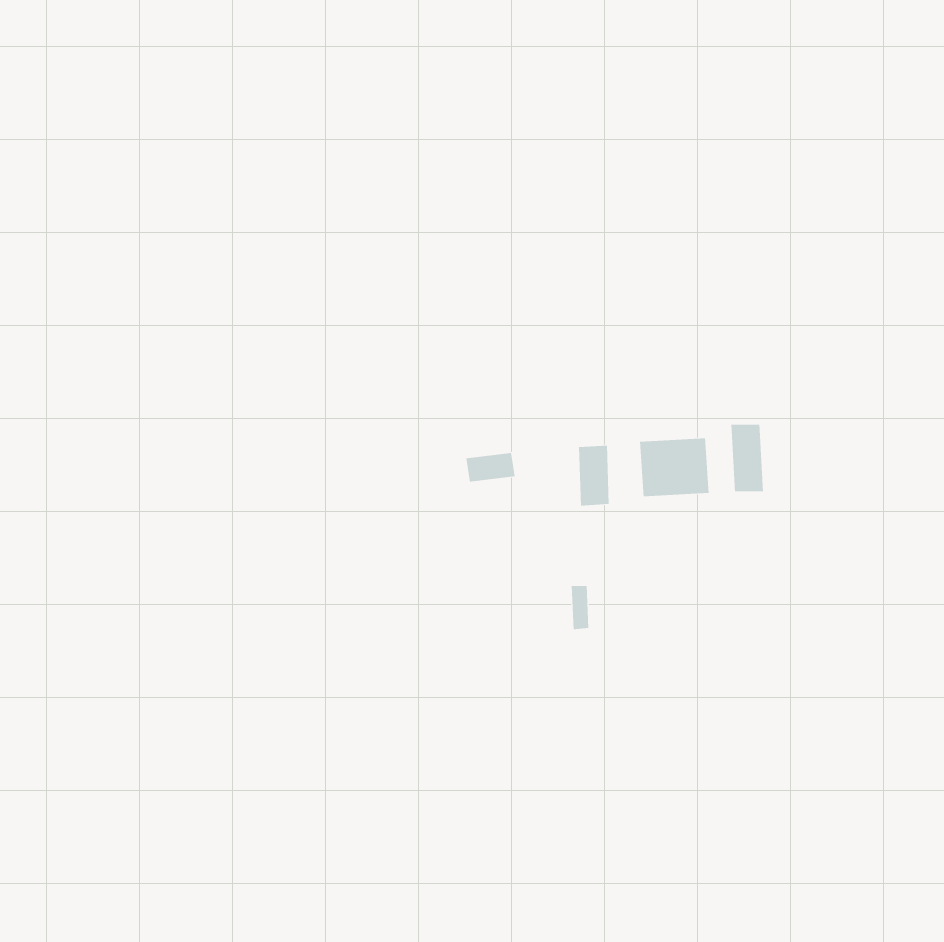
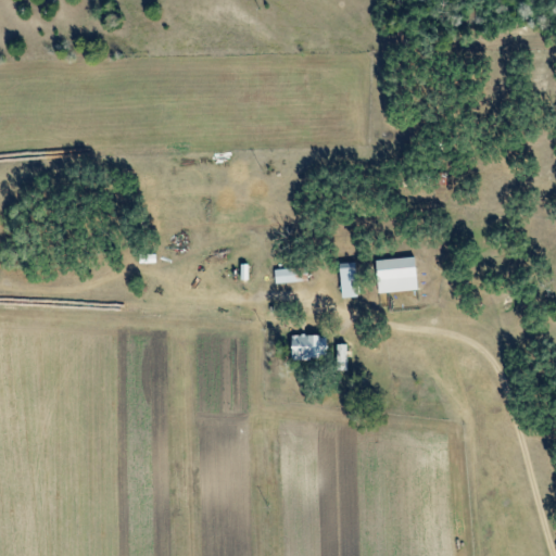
building: [731,424,764,492] -> none
building: none -> [291,334,325,359]

